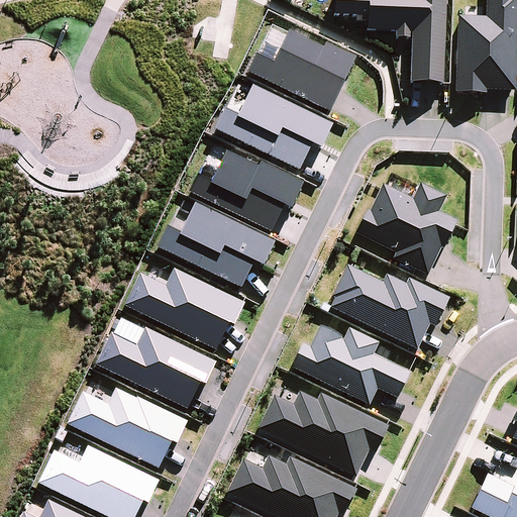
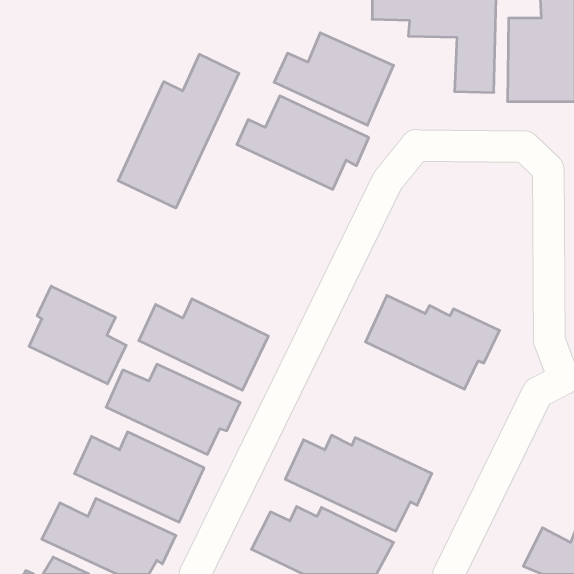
building: none -> [118,54,239,208]
building: [158,147,301,287] -> none
building: [355,181,458,274] -> none
building: none -> [29,286,126,384]
building: [292,324,409,404] -> none

